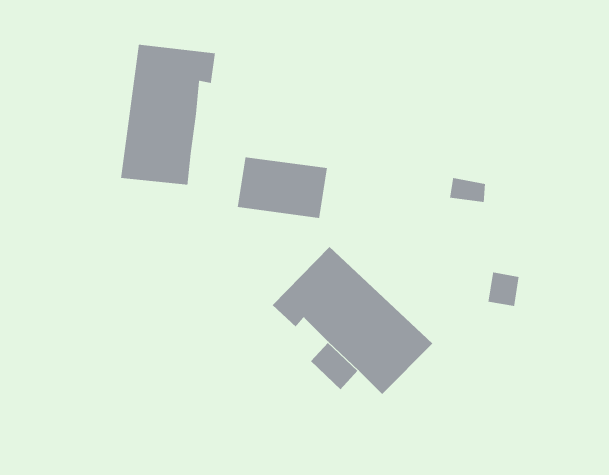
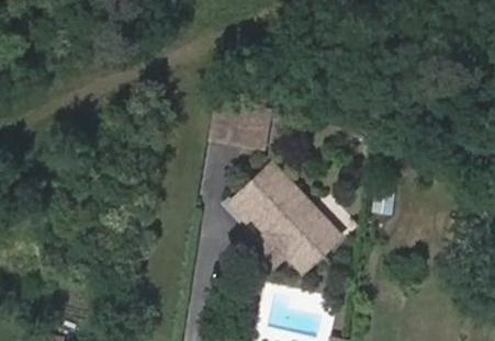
building: [120,44,216,186] -> none

